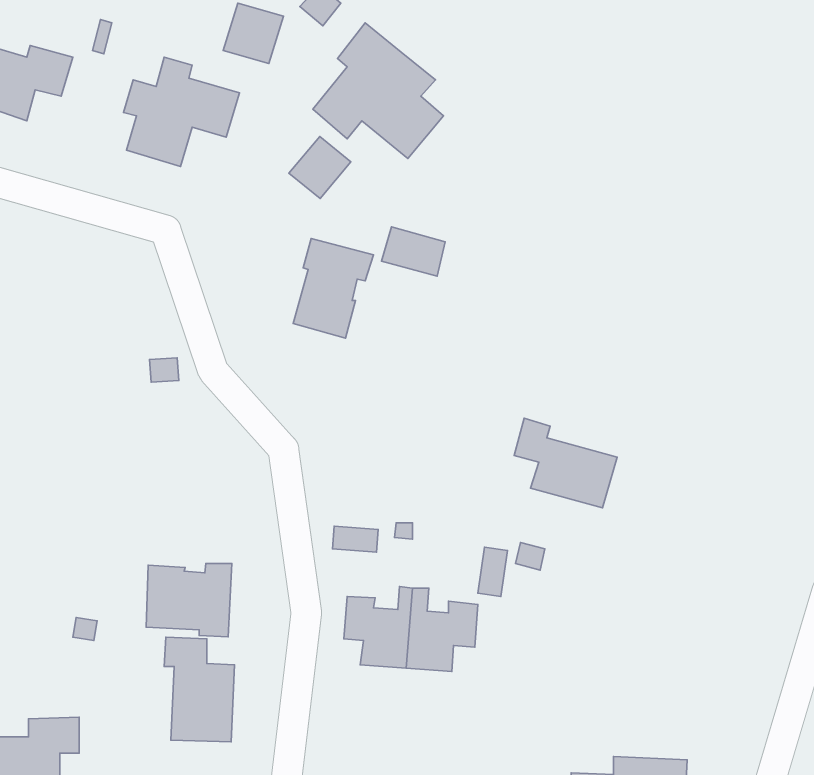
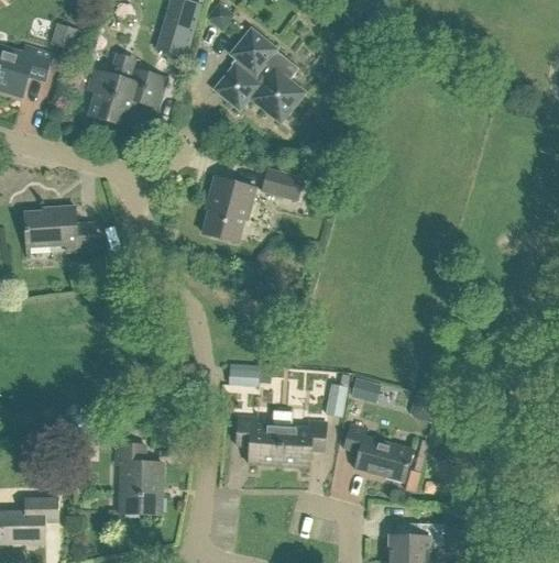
building: [289,137,351,198] -> none
building: none -> [25,207,98,252]
building: [514,418,617,508] -> [343,422,413,483]
building: [146,563,232,637] -> none

